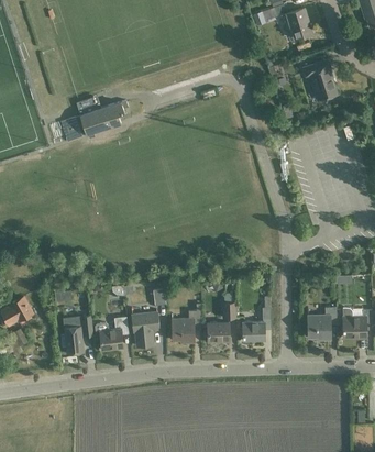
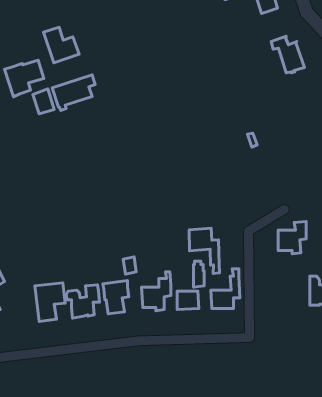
building: none -> [43,27,79,63]
building: none -> [5,60,44,97]
building: none -> [189,228,220,273]
building: [308,307,337,340] -> [278,222,306,254]

